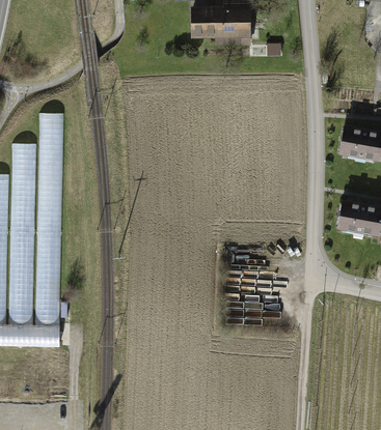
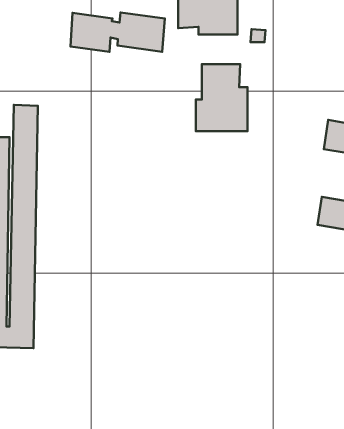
building: none -> [71,12,165,52]
building: none -> [196,64,248,131]

